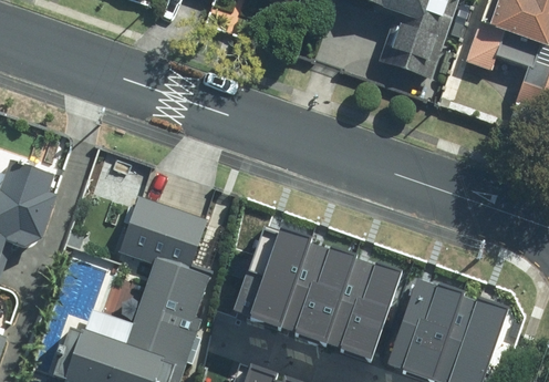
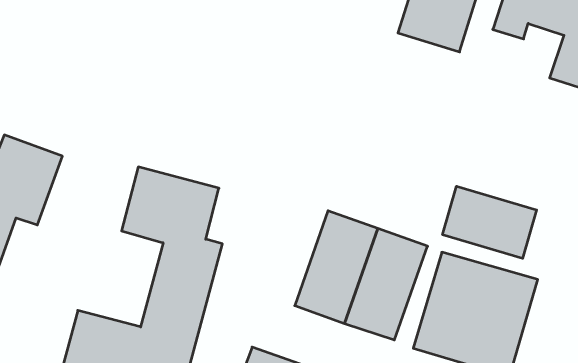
building: none -> [443,186,537,258]
building: [231,220,309,324] -> none

